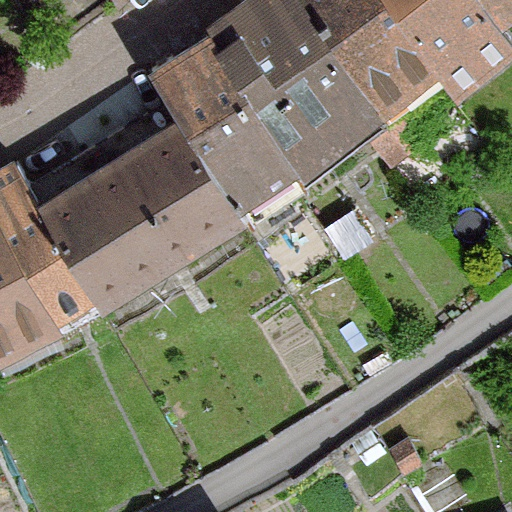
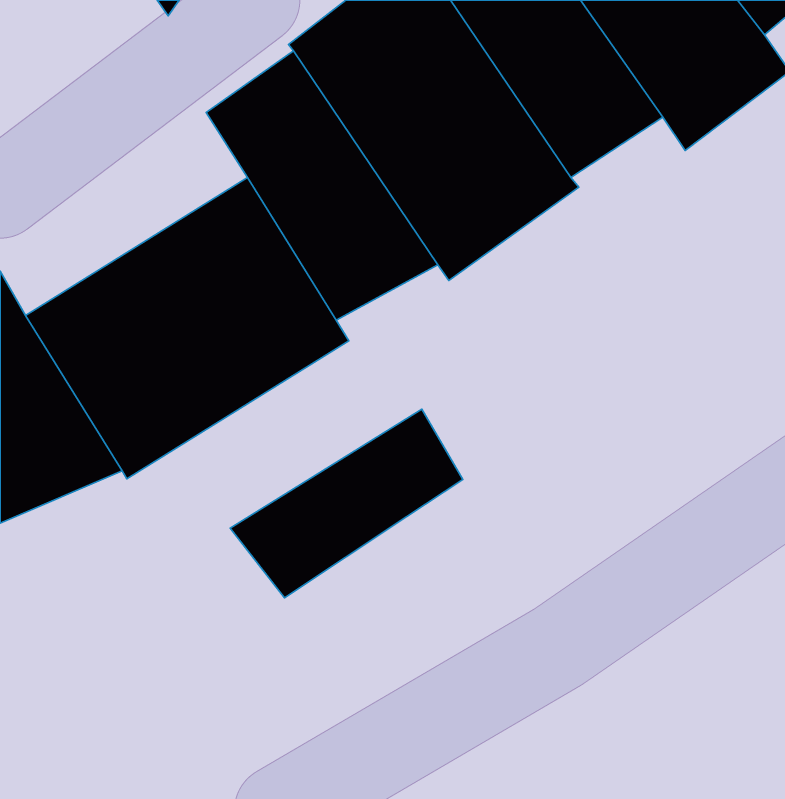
building: none -> [230,409,463,598]

